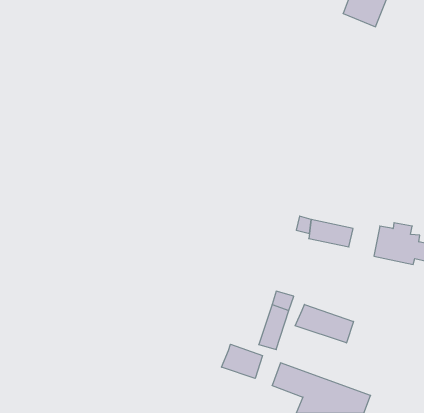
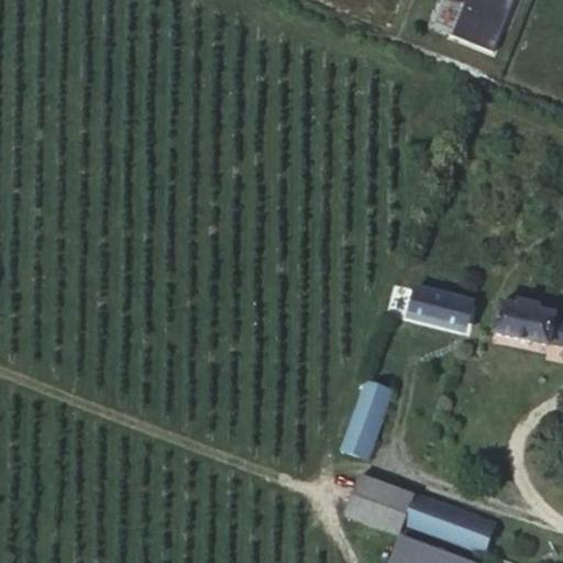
building: [295,304,353,343] -> none
building: [222,344,263,378] -> none

